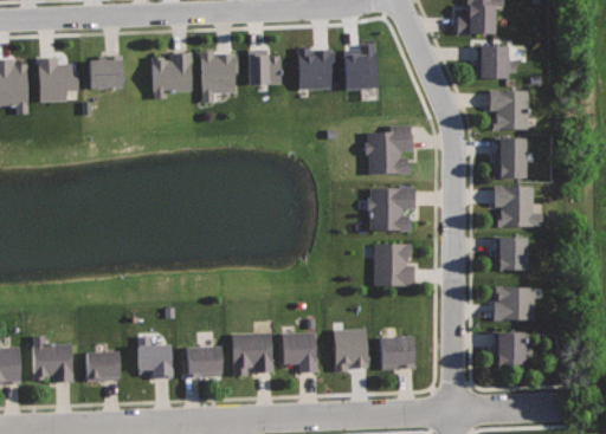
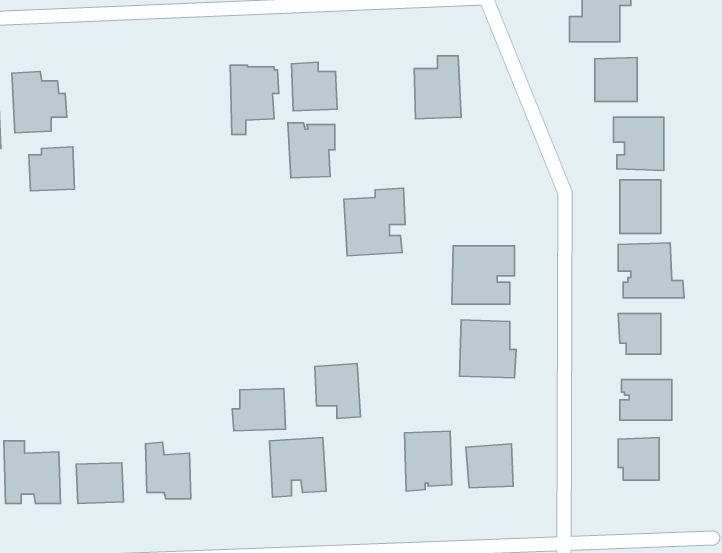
building: [298,48,334,90] -> [288,123,335,178]
building: [150,53,193,99] -> none
building: [89,56,123,89] -> [29,147,74,191]
building: [366,124,412,175] -> [344,188,405,256]
building: [283,332,317,374] -> [315,363,360,418]
building: [181,346,221,378] -> [232,388,286,431]

